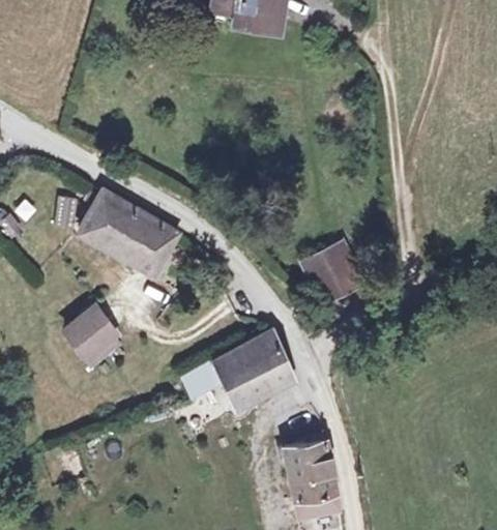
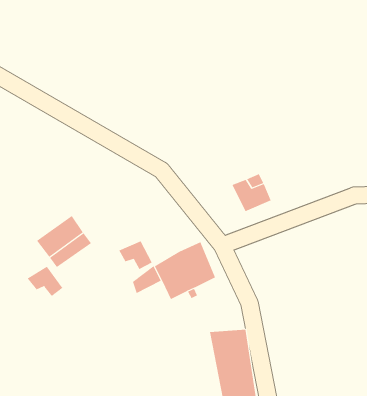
building: [83,192,180,272] -> none
building: none -> [118,240,152,270]
building: none -> [27,266,63,297]

